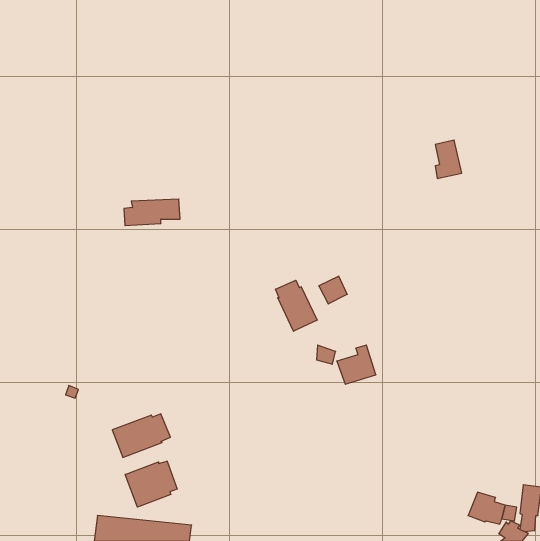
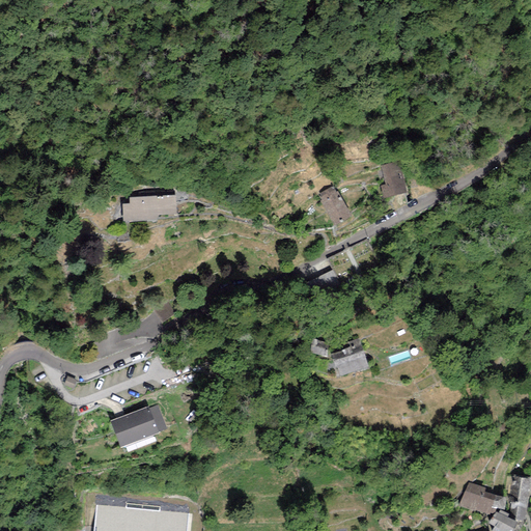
building: [435,140,462,178] -> [382,161,408,198]
building: none -> [319,186,353,227]
building: [276,280,317,331] -> none
building: [125,461,177,507] -> none

